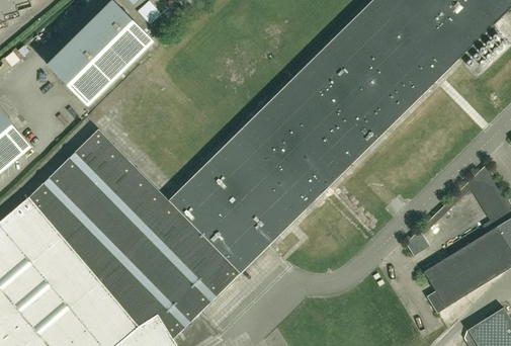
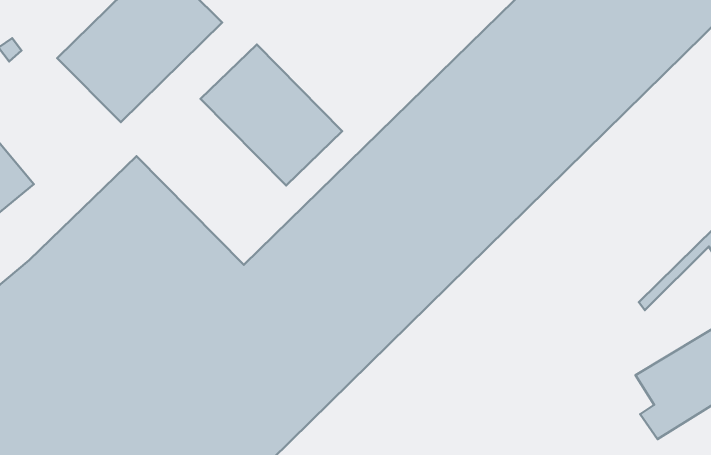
building: none -> [201,44,342,186]

